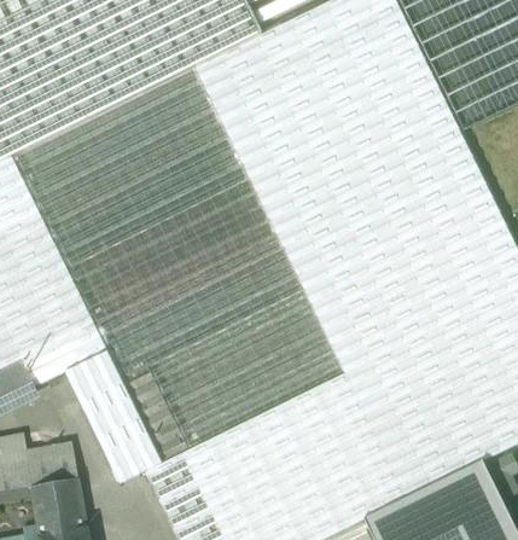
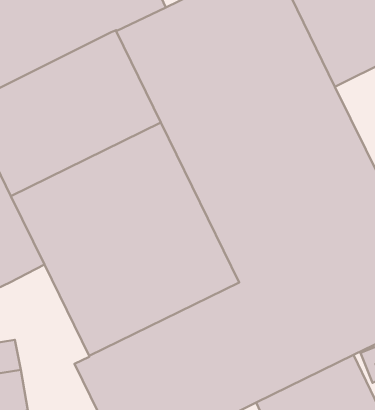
building: [65,349,162,482] -> none

